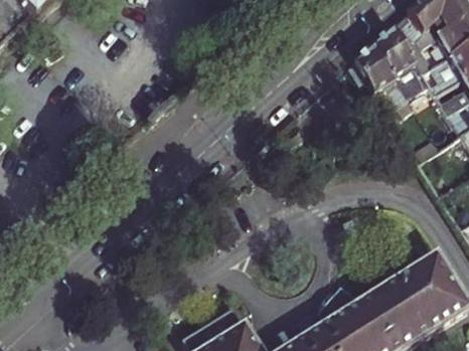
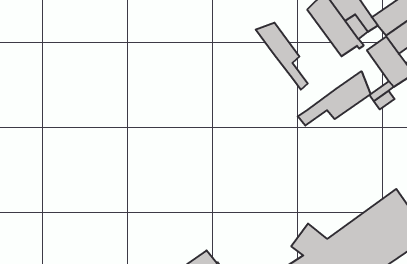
building: none -> [256,23,308,90]
building: none -> [298,71,370,126]

